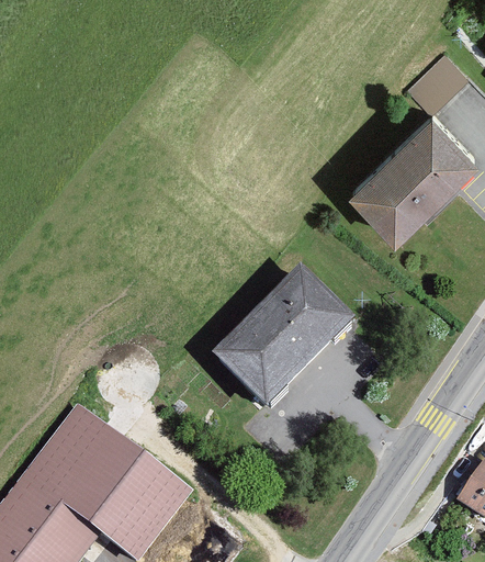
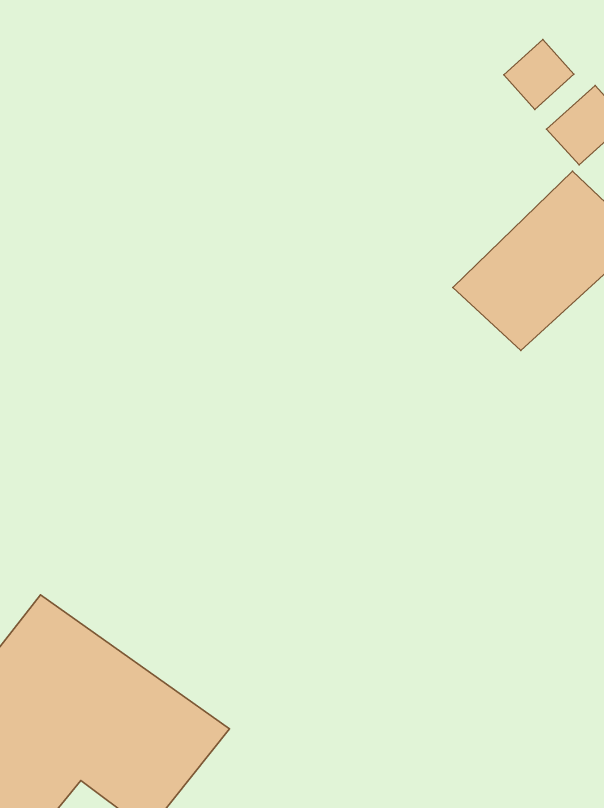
building: none -> [504,39,574,109]
building: [214,266,350,403] -> none

